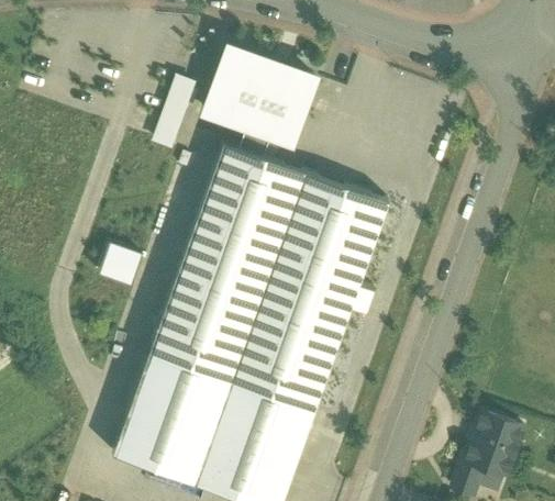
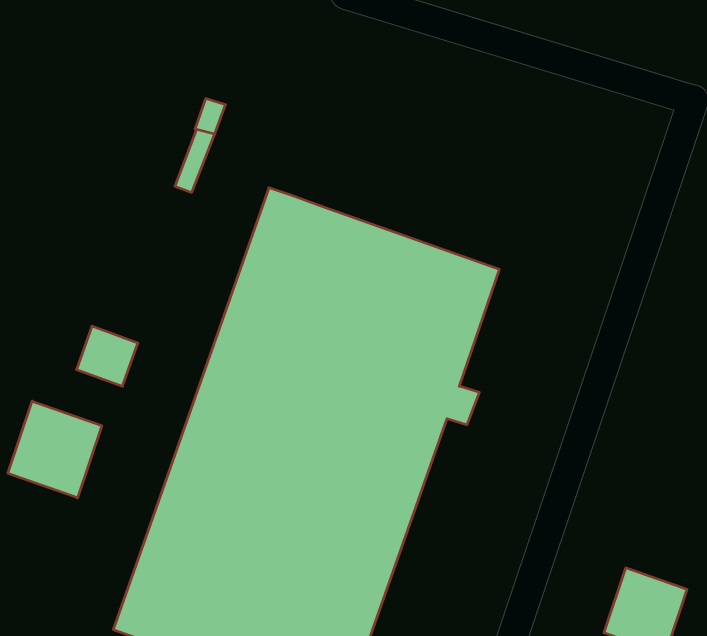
building: [207,47,315,157] -> none
building: none -> [8,401,102,498]

